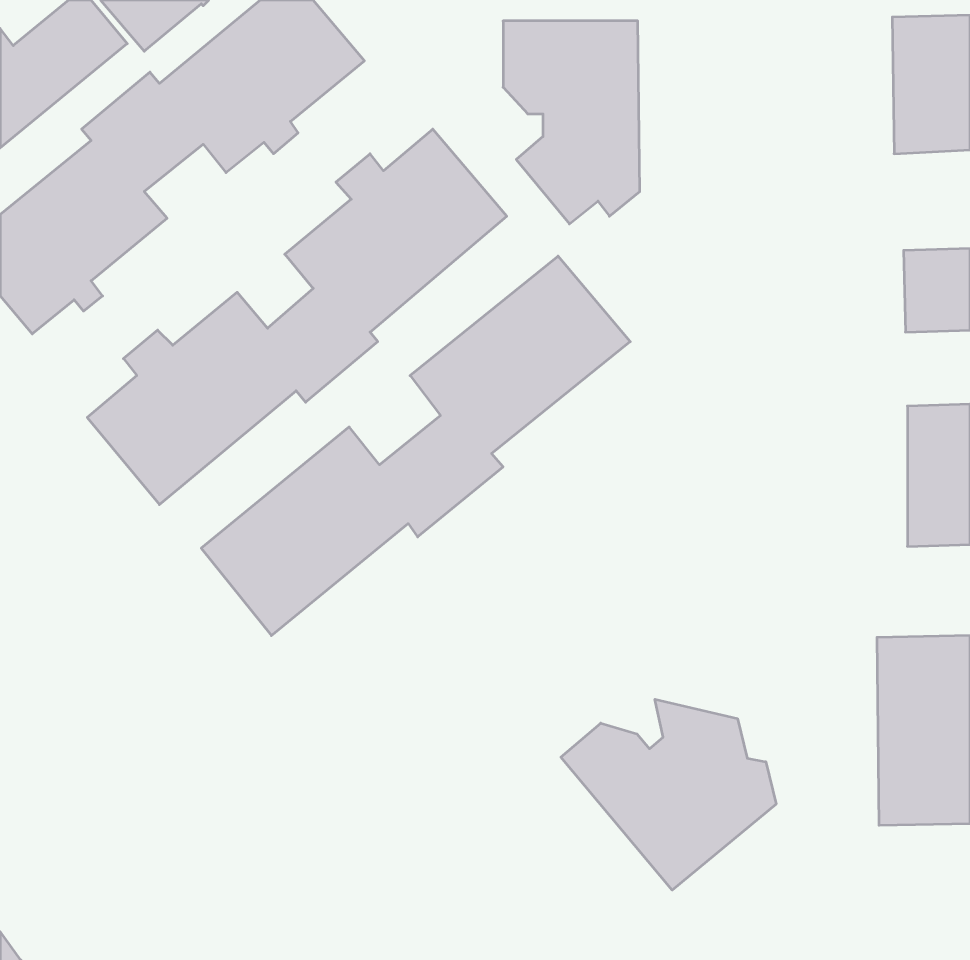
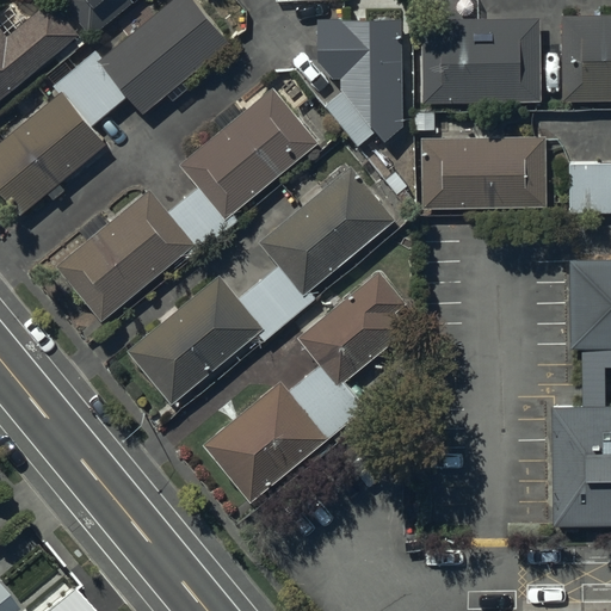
building: none -> [422,19,541,104]
building: none -> [421,137,547,210]
building: none -> [202,272,408,502]
building: [561,699,776,890] -> none

